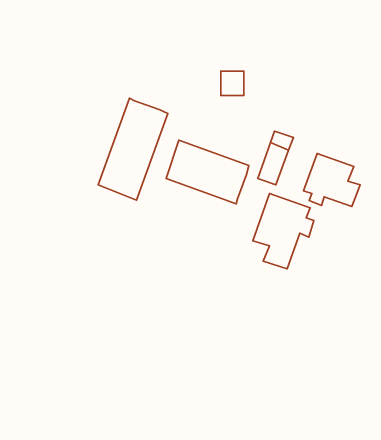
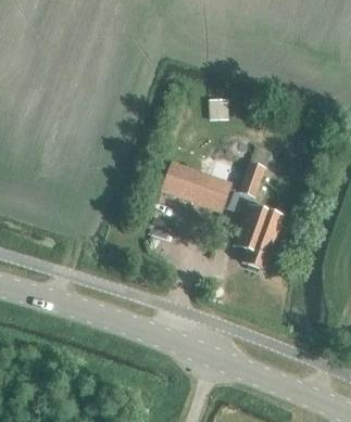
building: [98,98,168,200] -> none
building: [304,153,360,207] -> none

